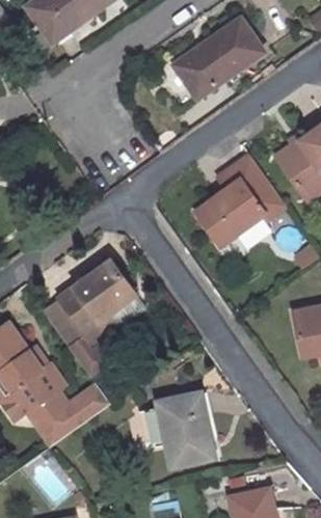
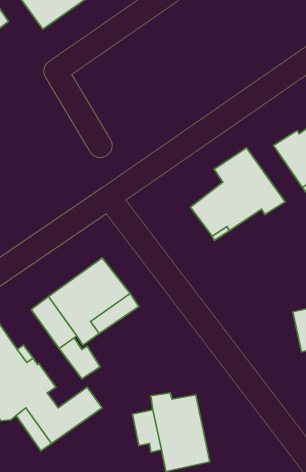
building: [173,19,262,97] -> none

